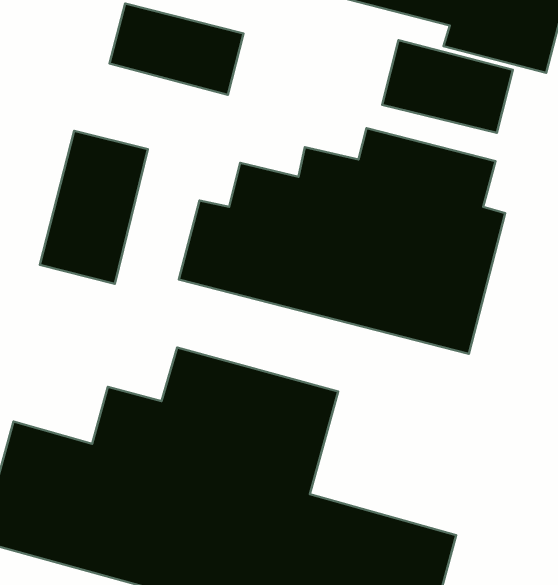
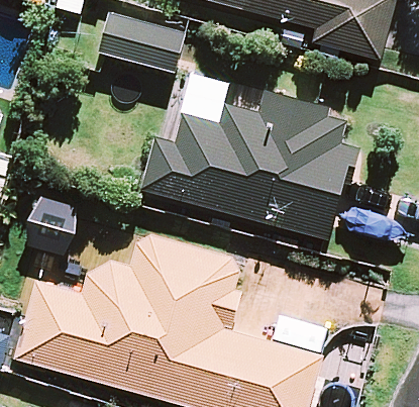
building: [382,40,513,133] -> none
building: [40,131,148,284] -> none

